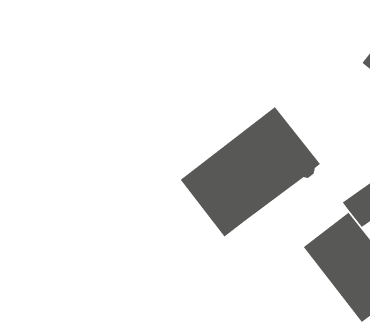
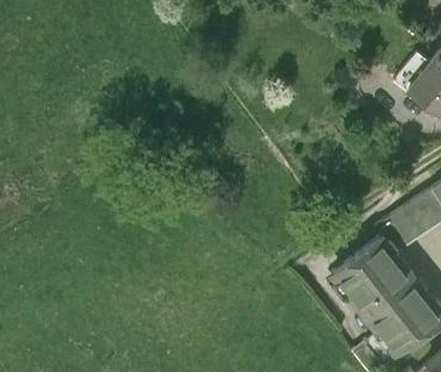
building: [180,106,321,237] -> none

